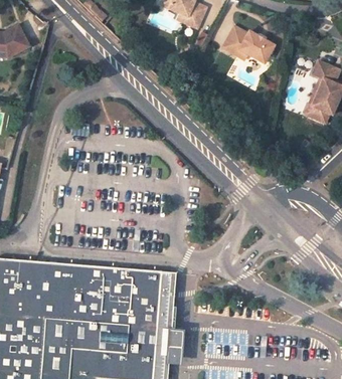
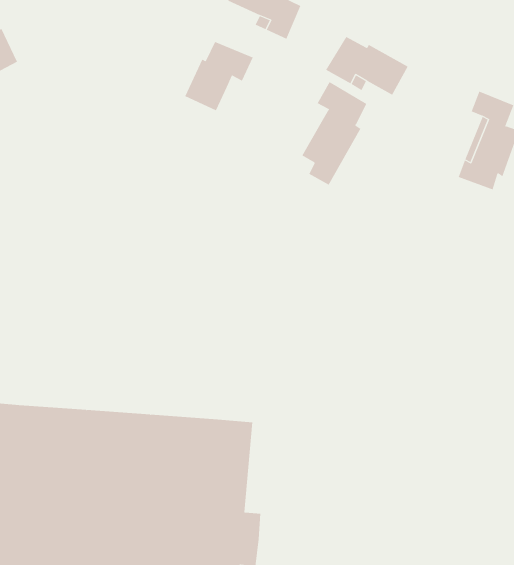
building: none -> [185,41,253,111]
building: none -> [301,81,367,186]

